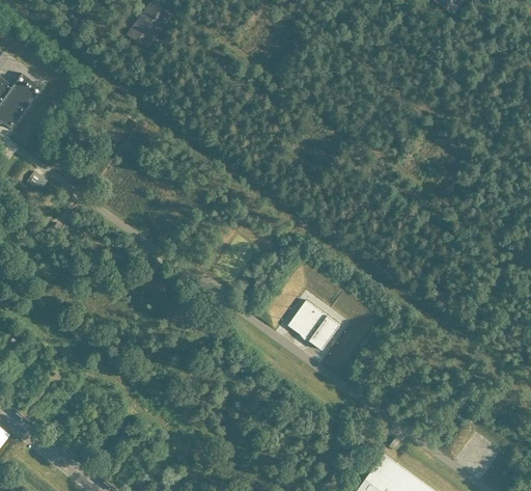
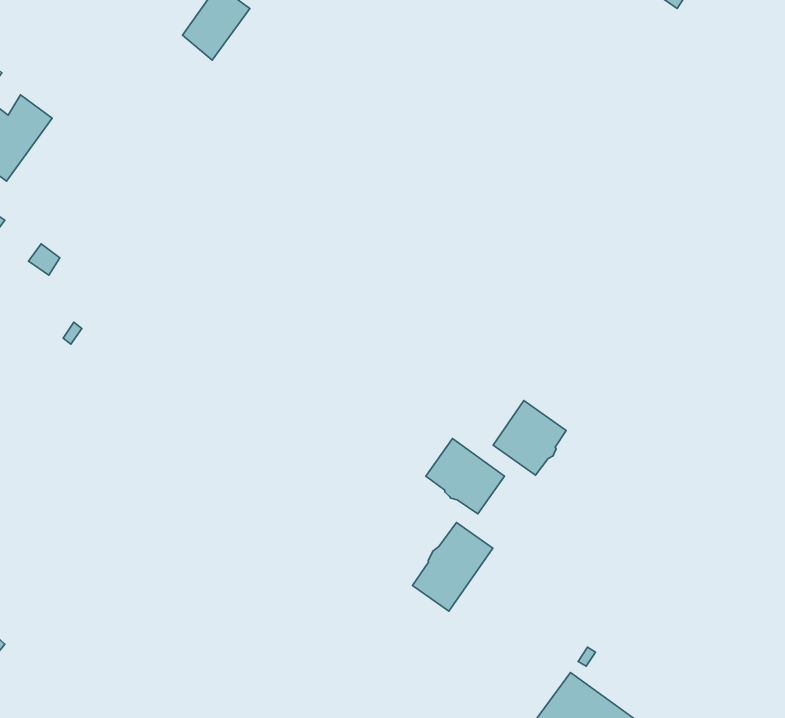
building: none -> [493,401,566,475]
building: none -> [413,522,493,611]

